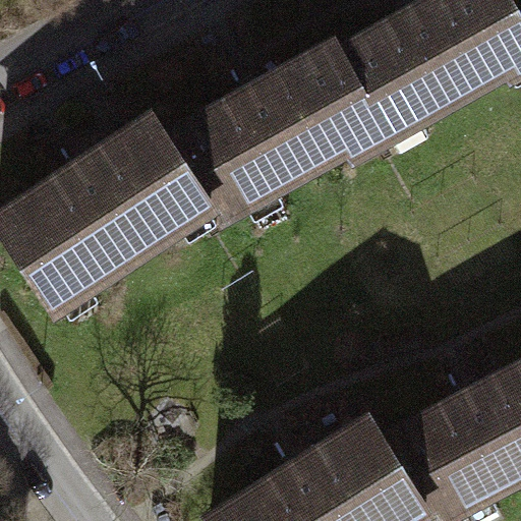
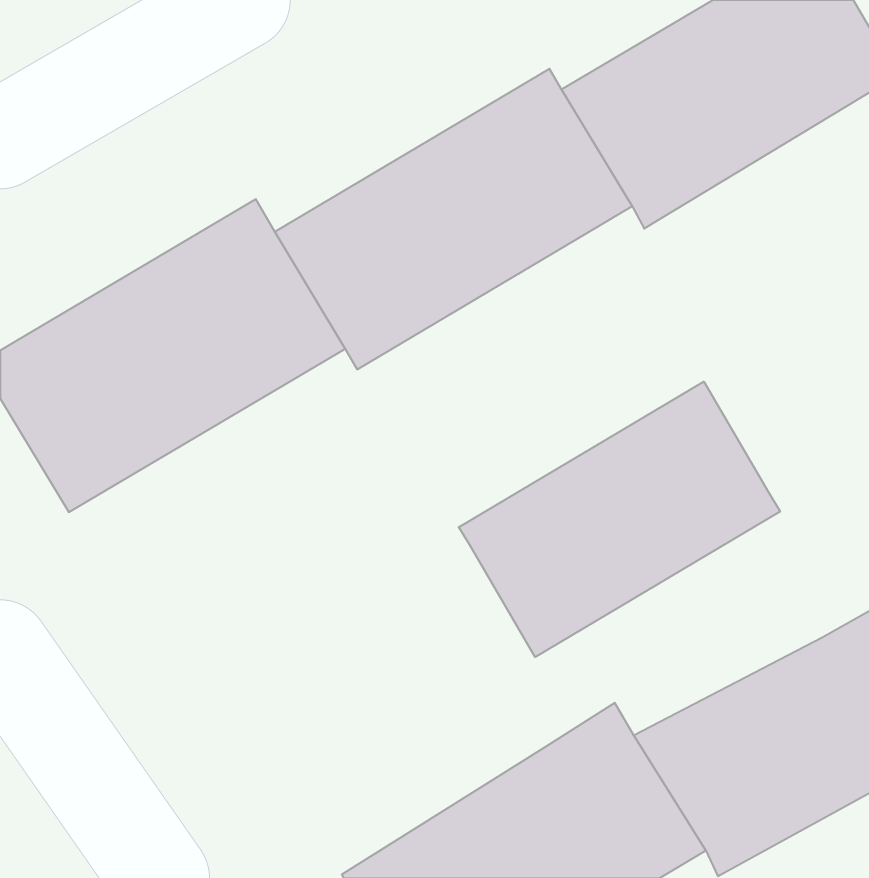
building: none -> [459,382,780,657]

